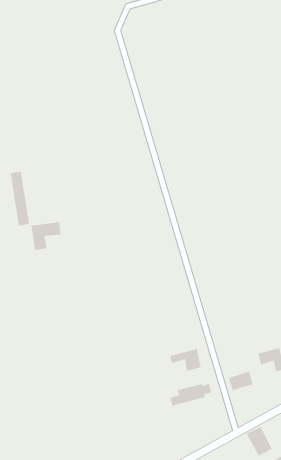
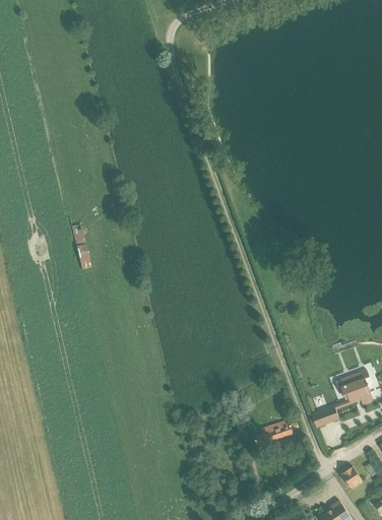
building: [31,221,61,251] -> none
building: [169,348,201,371] -> none

